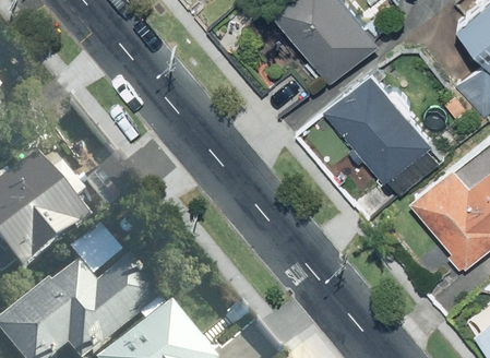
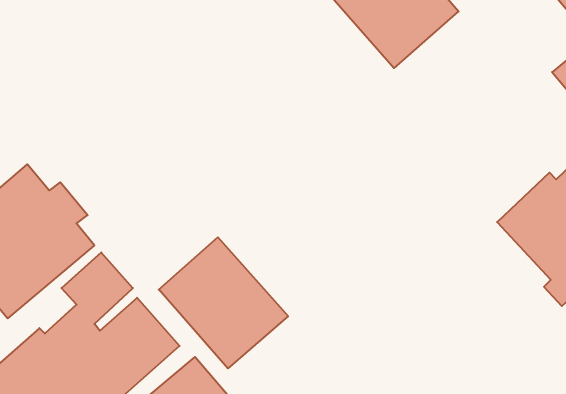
building: [322,65,441,192] -> none
building: none -> [159,237,288,368]

